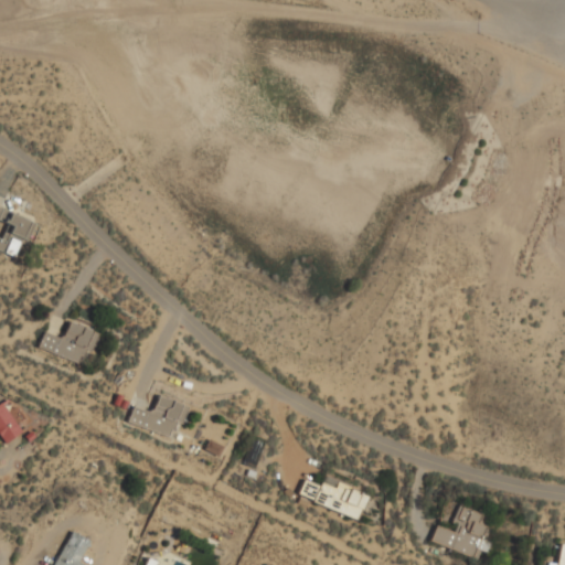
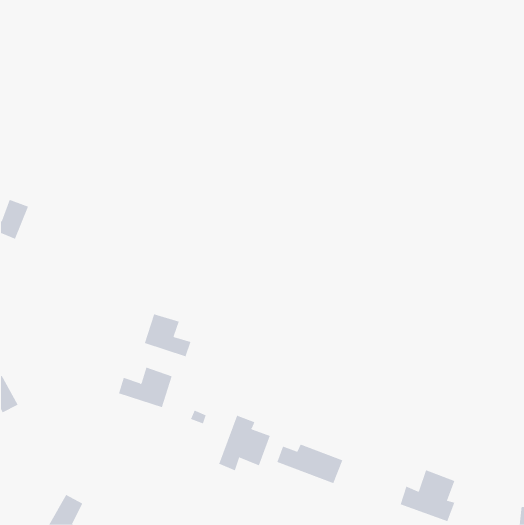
building: [39,321,98,365] -> none
building: none -> [144,313,191,357]
building: none -> [218,415,270,471]

